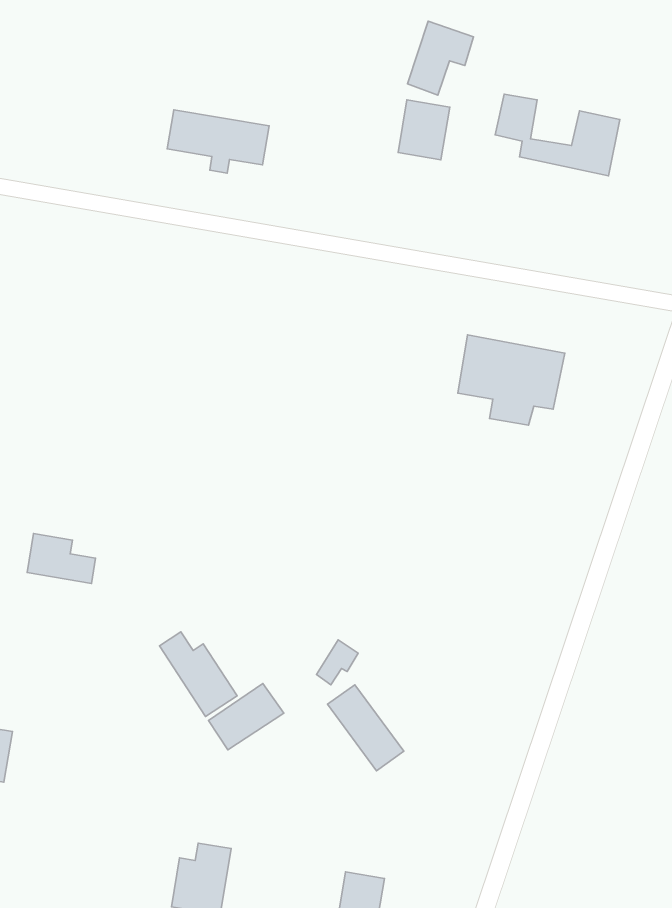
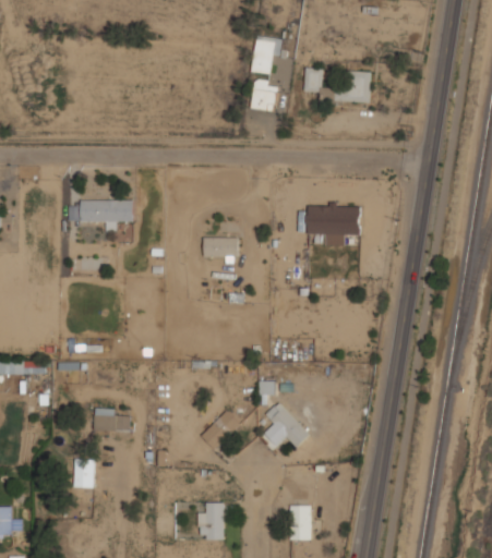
building: [167,110,269,173] -> [80,201,133,230]
building: none -> [203,239,237,258]
building: [27,534,96,583] -> [93,410,129,432]
building: [159,632,237,717] -> none

